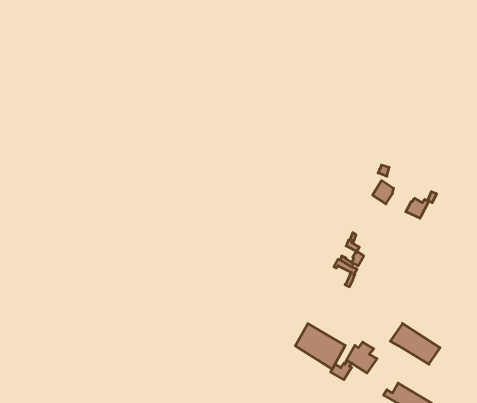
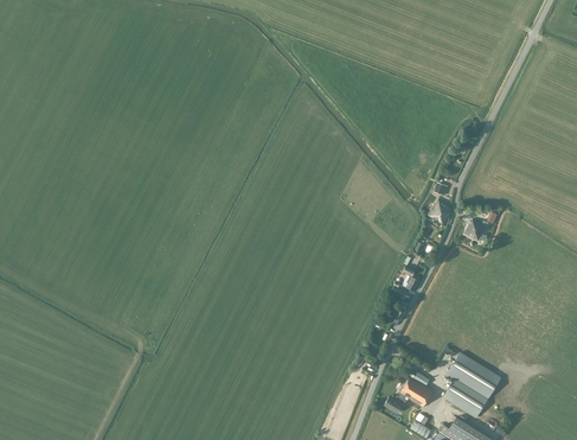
building: [295,324,345,369] -> none
building: none -> [443,376,489,417]

